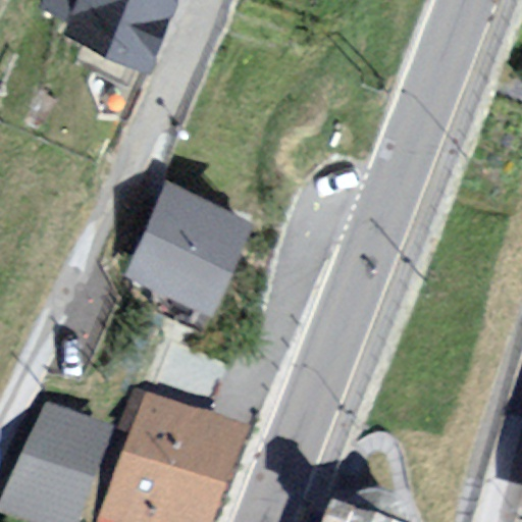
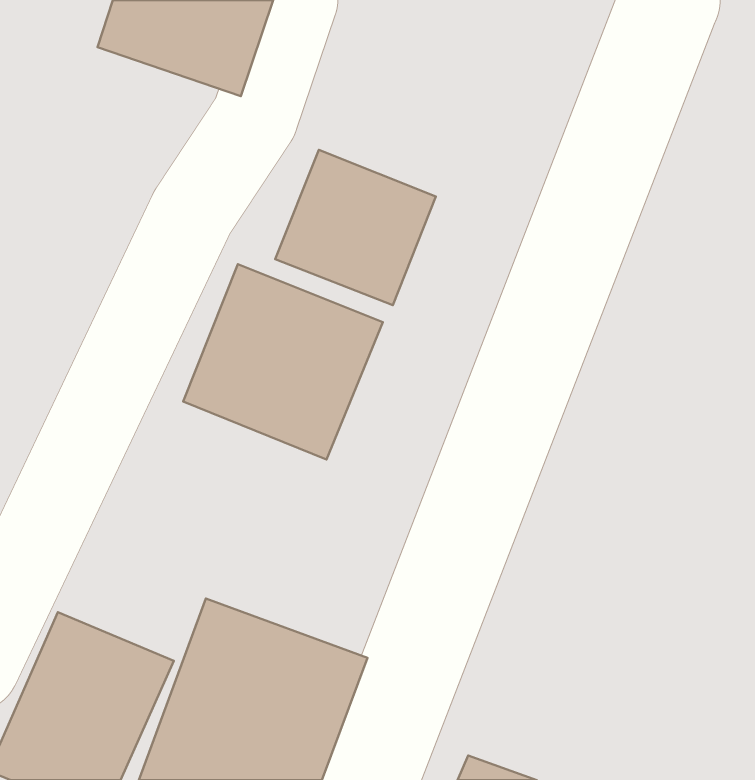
building: none -> [275,150,436,305]

